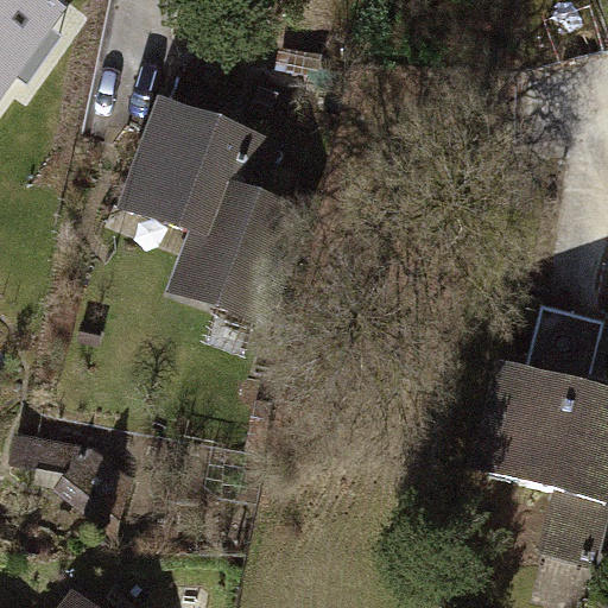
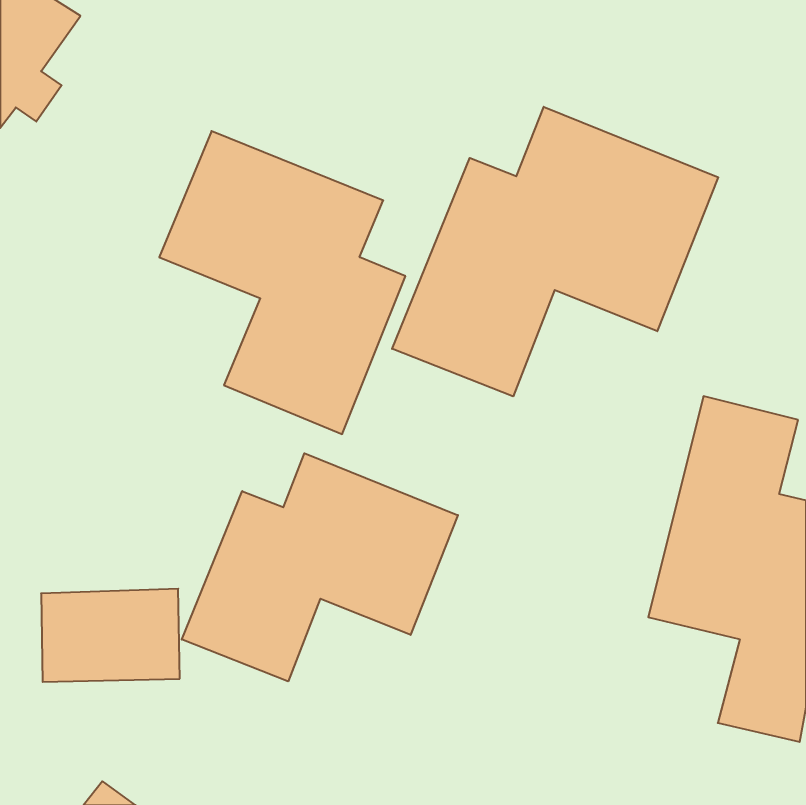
building: none -> [392,107,718,396]
building: none -> [182,453,458,681]

